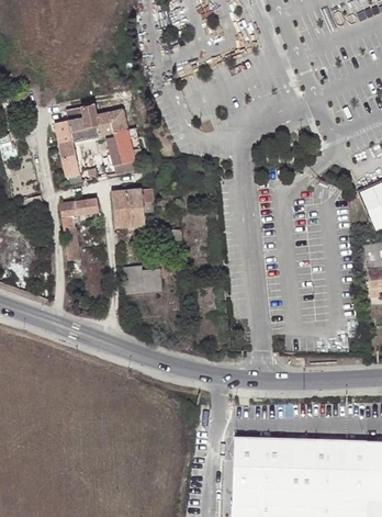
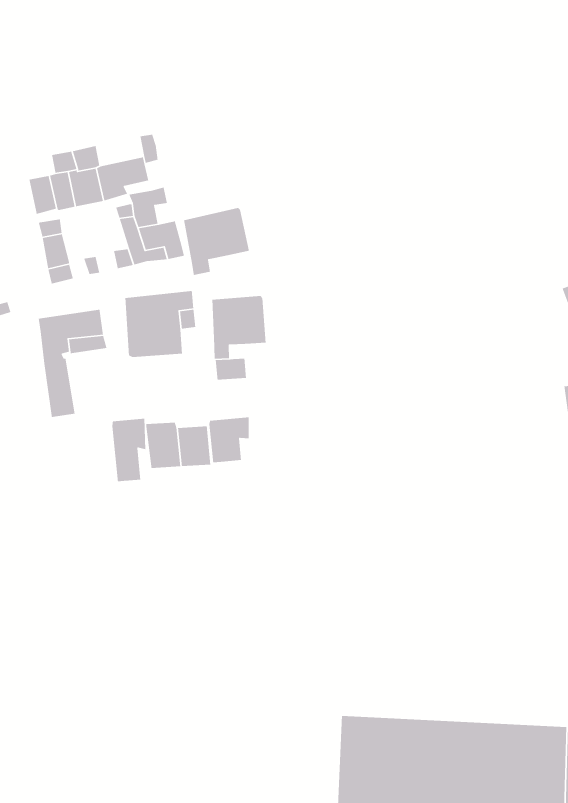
building: none -> [183,207,250,276]
building: none -> [211,295,267,359]
building: none -> [209,416,250,463]
building: none -> [112,418,146,482]

